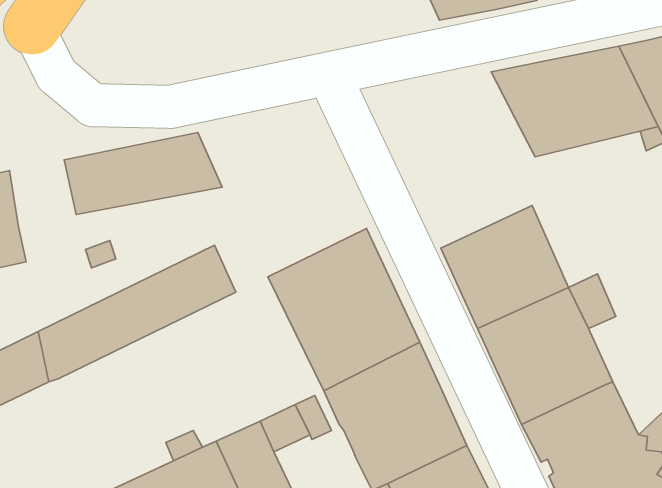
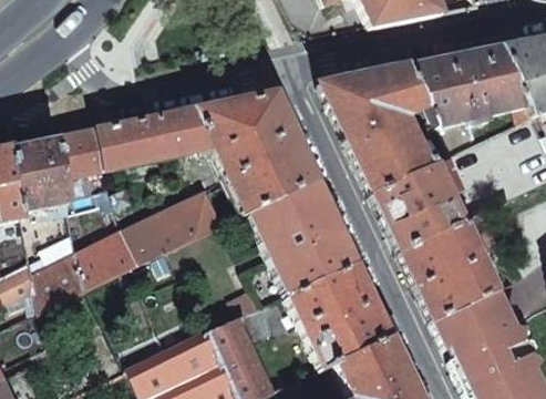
building: none -> [322,62,441,191]
building: none -> [197,89,320,213]
building: none -> [60,126,109,175]

